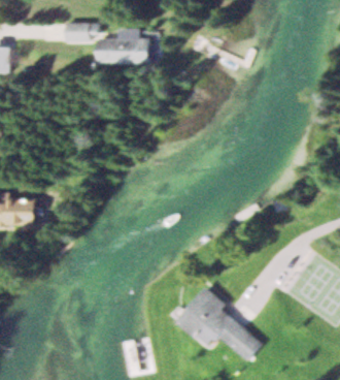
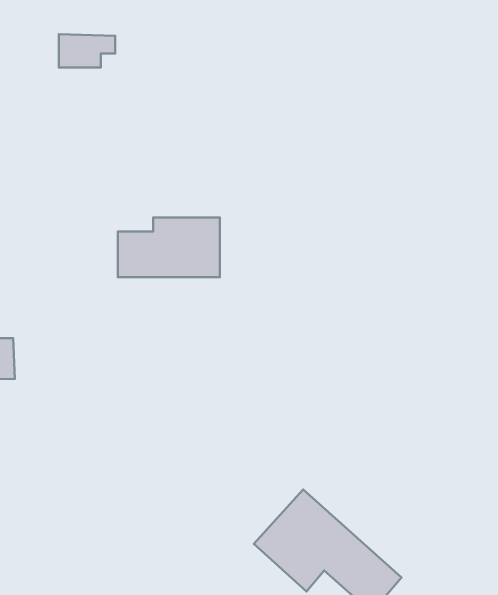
building: [95,29,155,64] -> [118,217,220,277]

